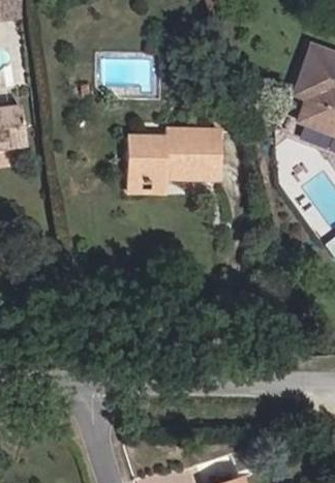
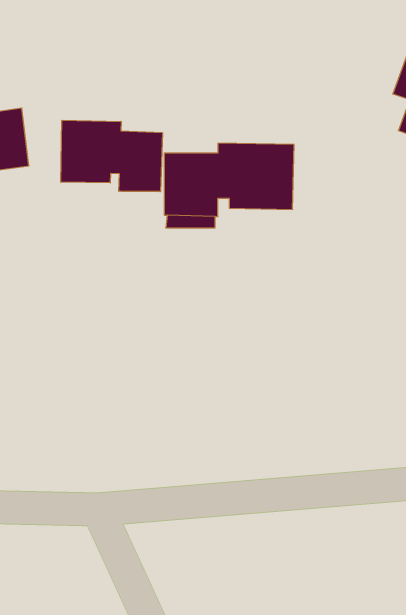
building: none -> [61,120,163,192]

